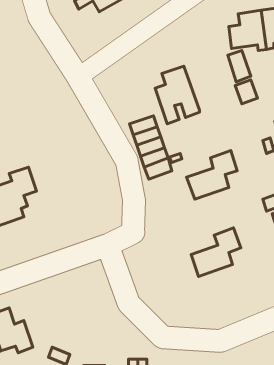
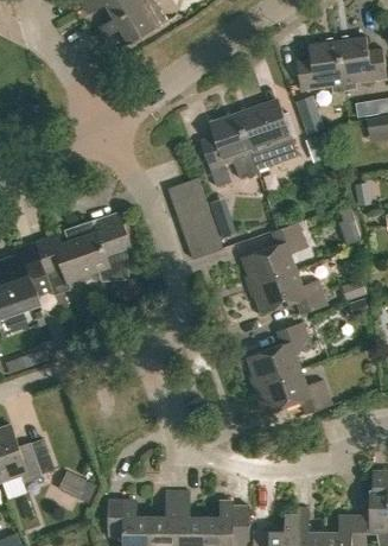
building: none -> [237,99,297,170]
building: none -> [37,212,132,282]
building: none -> [252,269,326,315]
building: none -> [256,369,331,413]

